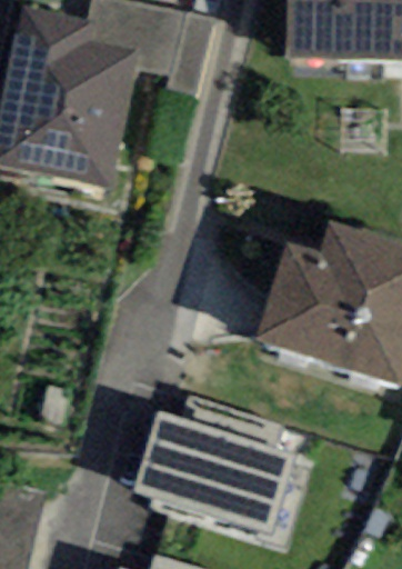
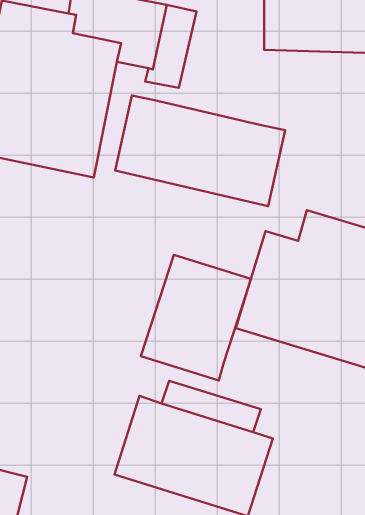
building: none -> [115,95,285,206]
building: none -> [141,255,251,381]

